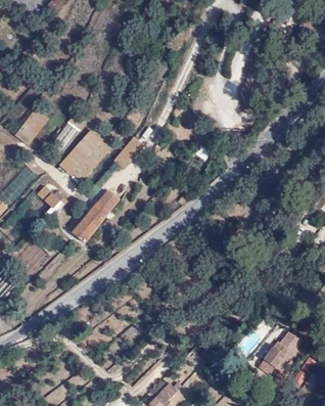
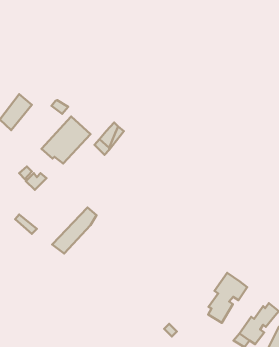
building: [69,192,115,240] -> [52,207,96,253]
building: none -> [208,273,247,323]

